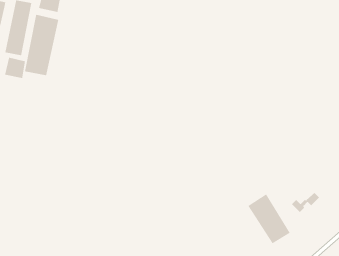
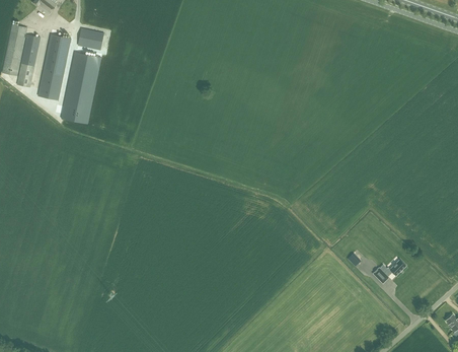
building: [5,57,26,79] -> none
building: [248,193,291,244] -> none

